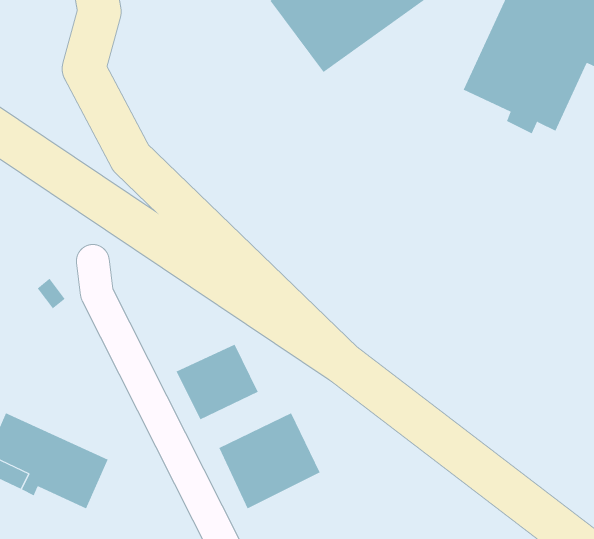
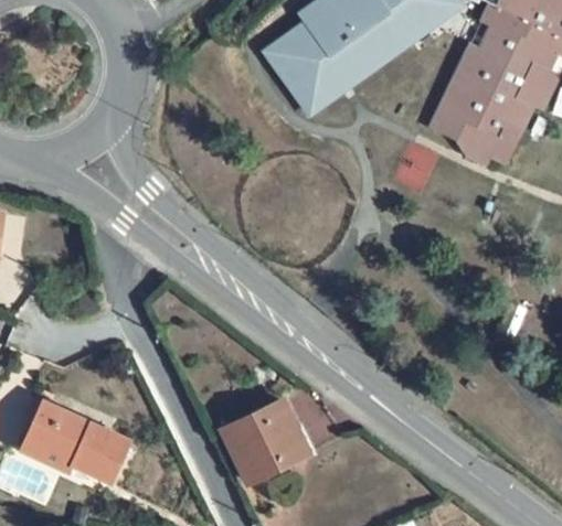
building: [176,344,258,420] -> none

